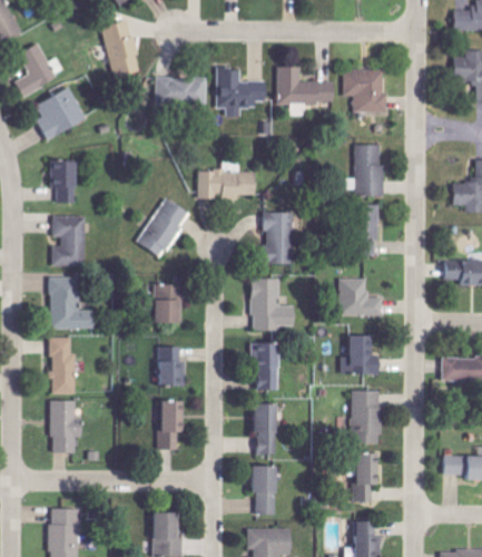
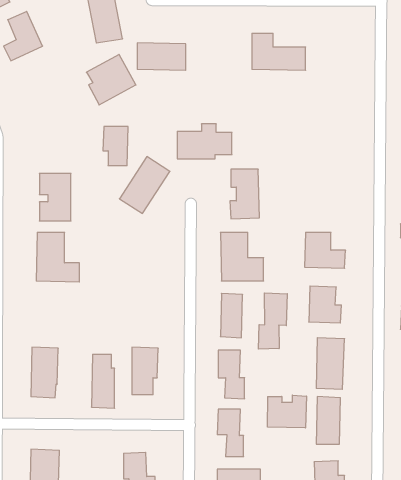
building: [220,69,269,117] -> none
building: [346,69,386,113] -> none
building: [38,87,90,140] -> [86,54,136,105]
building: [352,143,381,195] -> none
building: [53,162,80,203] -> [103,127,128,166]
building: [350,203,374,255] -> none
building: [141,283,178,322] -> none
building: [53,338,78,394] -> [91,354,115,408]
building: none -> [258,293,287,349]
building: [153,345,181,384] -> none
building: none -> [268,395,306,428]

